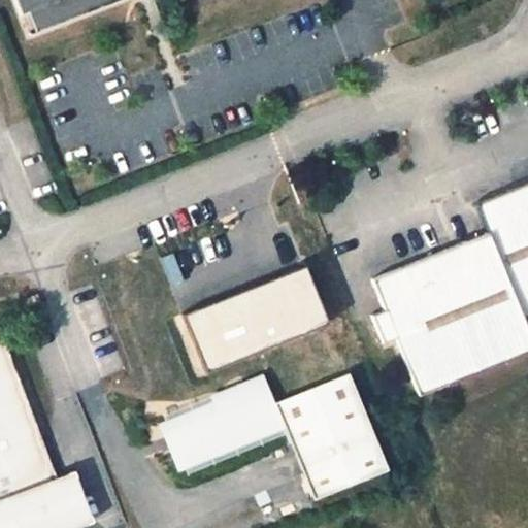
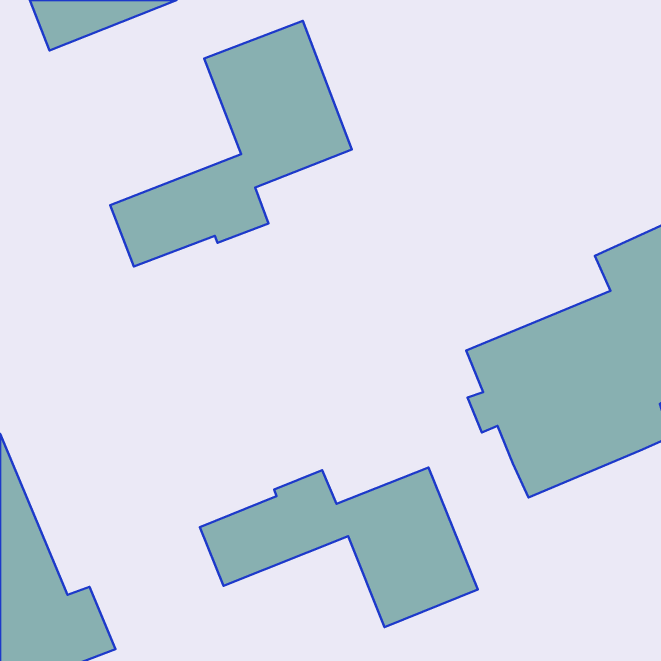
building: none -> [110,21,352,267]
building: [184,263,337,371] -> none

